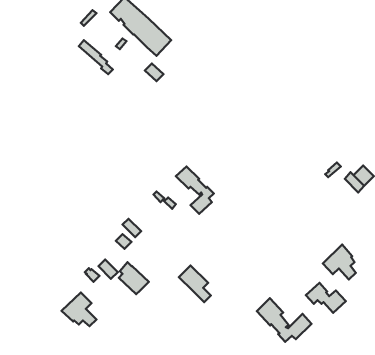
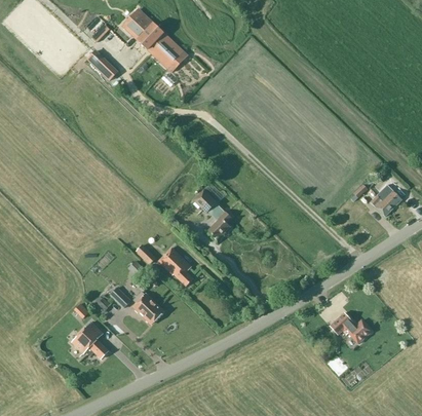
building: [323,245,356,279] -> none
building: [179,265,211,302] -> [159,247,193,286]
building: [257,298,312,342] -> none

